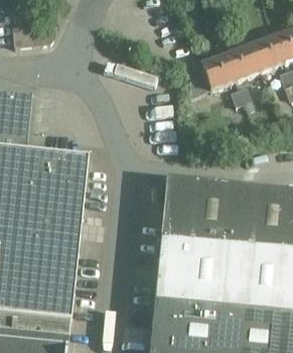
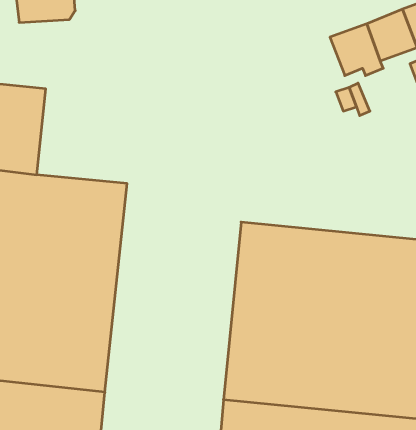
building: [189,54,237,98] -> none

